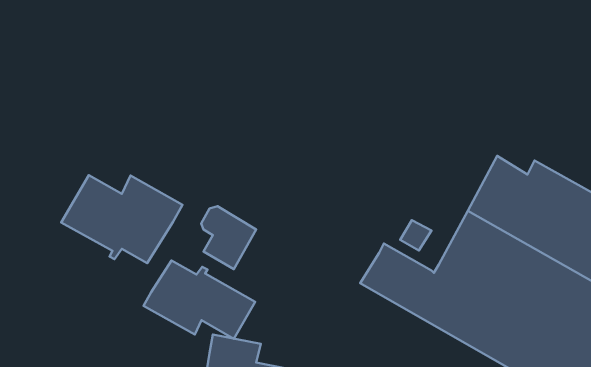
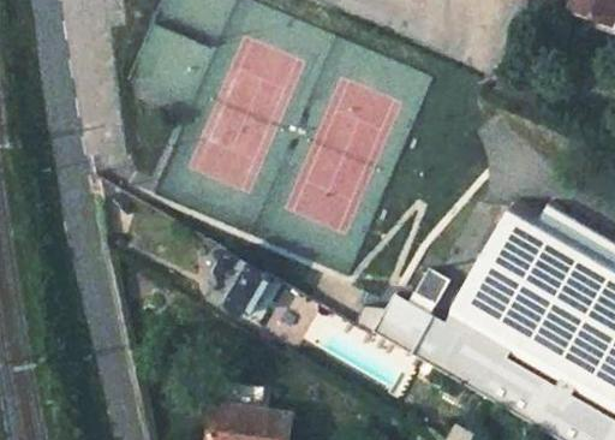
building: [61,175,183,263] -> none
building: [144,260,255,339] -> none

